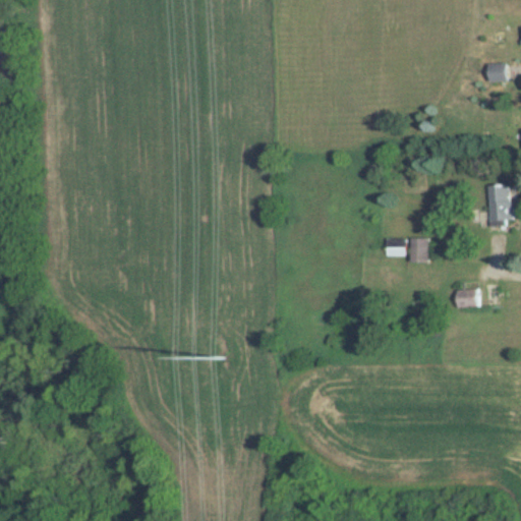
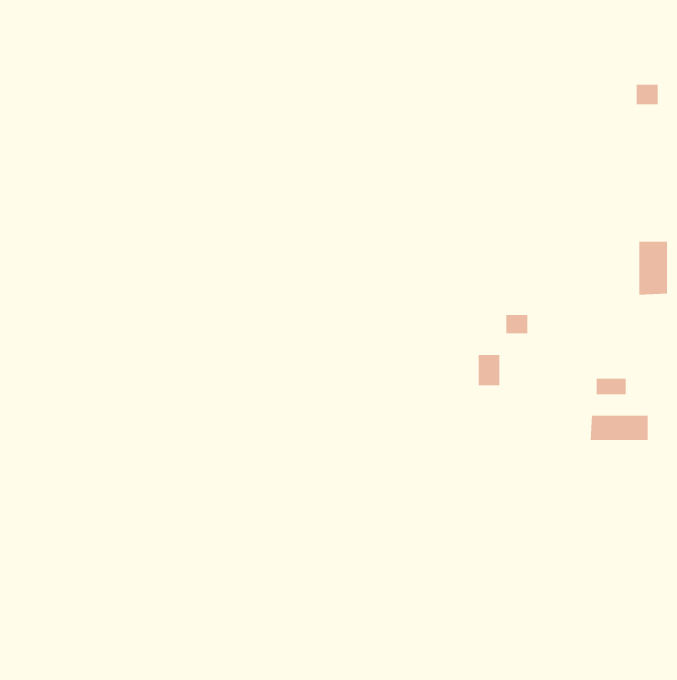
building: [411,239,428,264] -> [478,354,500,386]
building: none -> [590,415,648,441]

